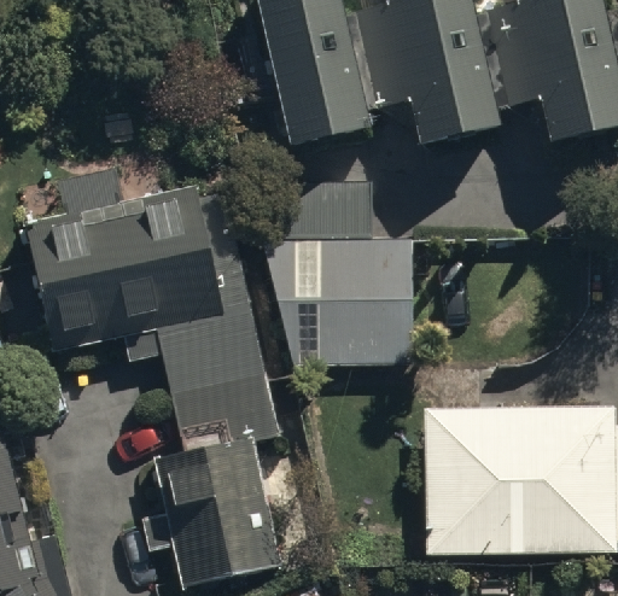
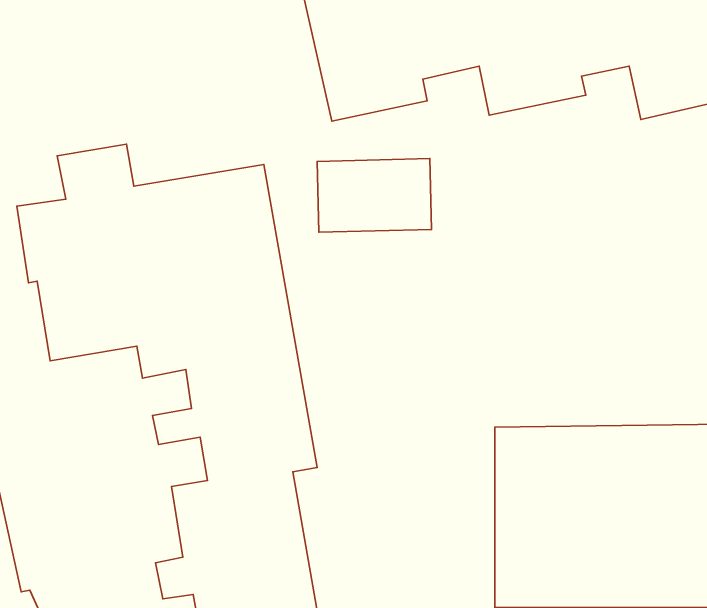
building: [280,249,419,367] -> none

